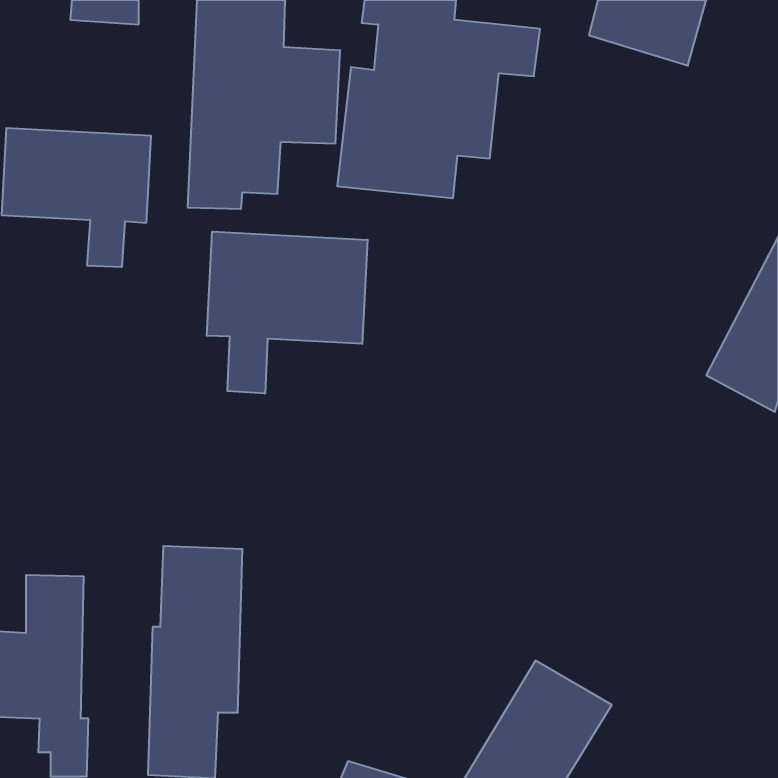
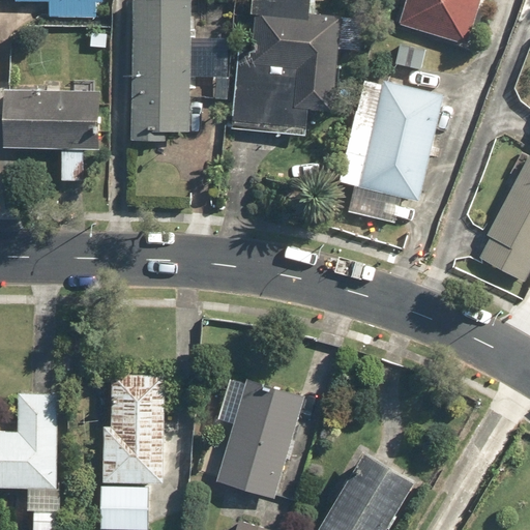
building: none -> [340,42,443,218]
building: [207,232,368,394] -> none
building: none -> [214,379,304,497]

